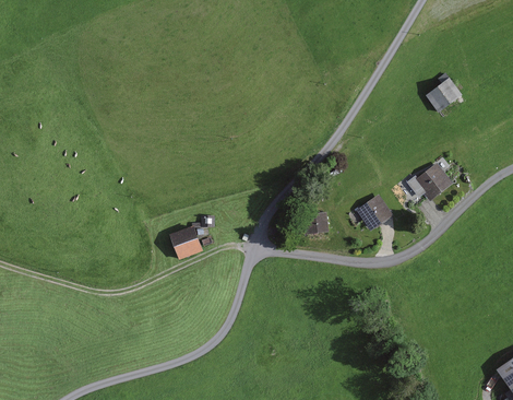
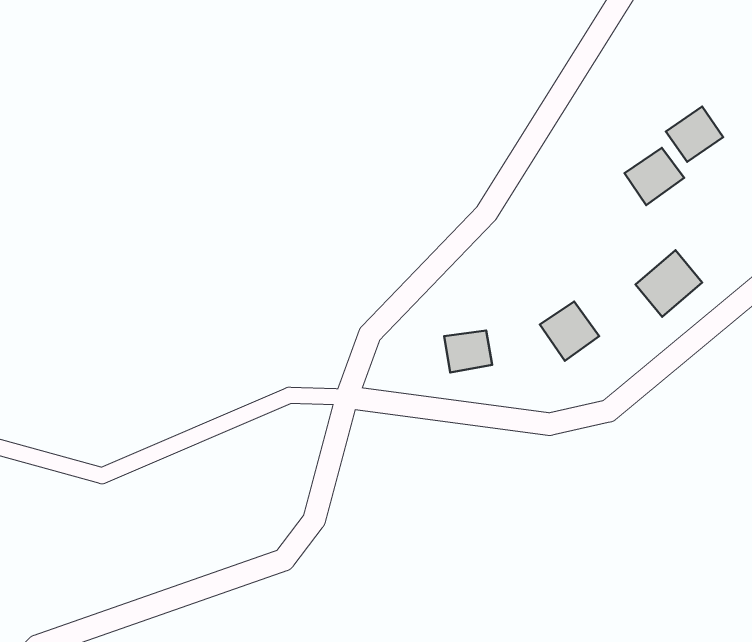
building: none -> [624,148,684,205]
building: [172,221,207,256] -> none

